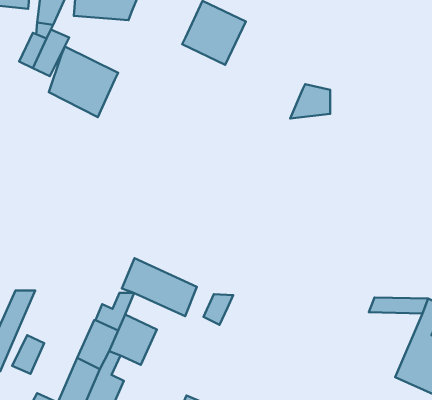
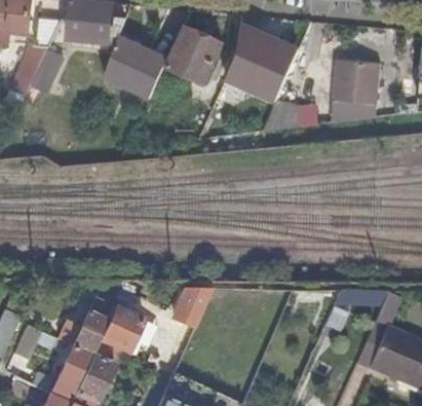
building: none -> [243,38,297,90]
building: none -> [333,61,382,121]
building: [49,46,118,117] -> [106,34,168,98]
building: [122,258,197,316] -> none

